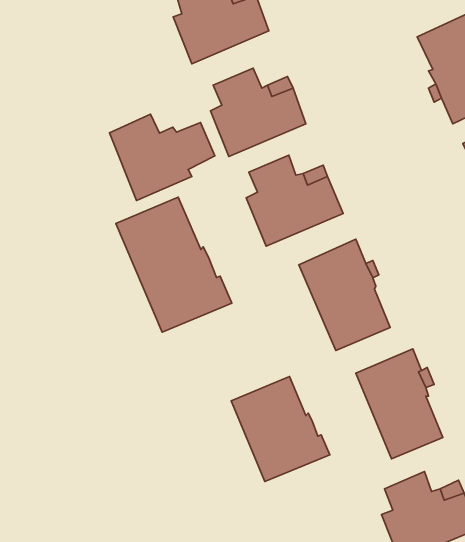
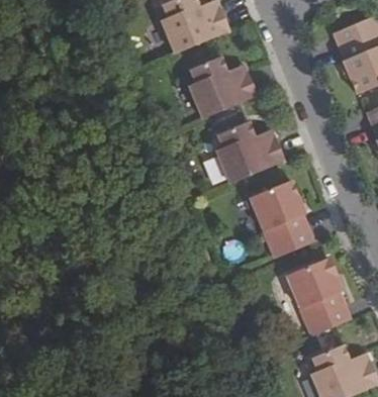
building: [109,114,215,200] -> none
building: [116,197,232,332] -> none
building: [231,377,330,481] -> none

